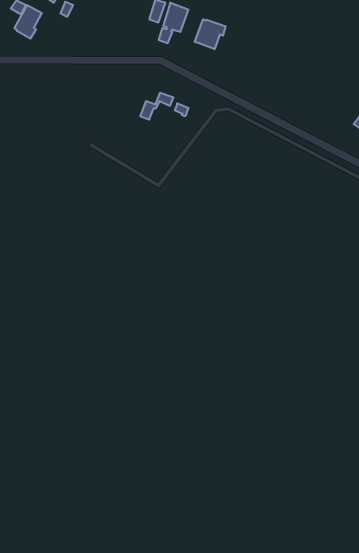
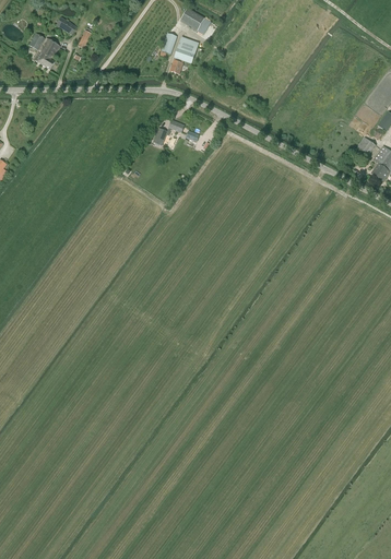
building: [195,19,226,49] -> none

